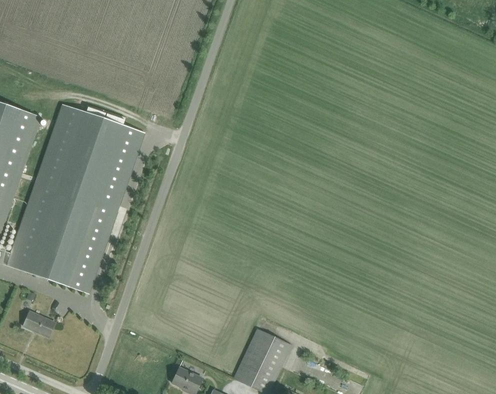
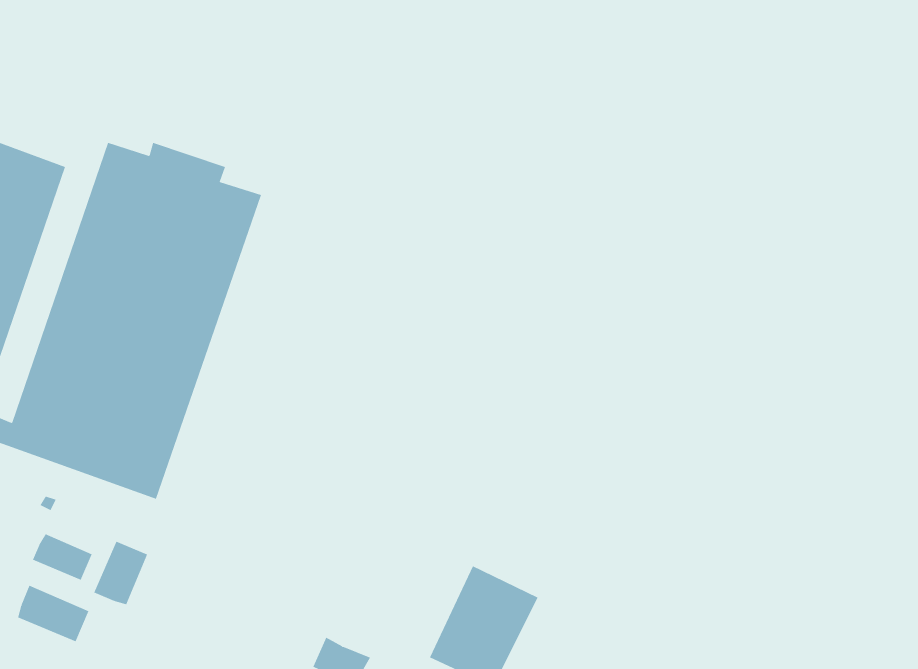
building: none -> [94,541,148,605]
building: none -> [17,585,89,642]

